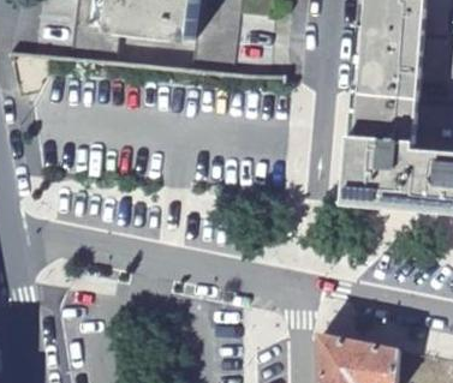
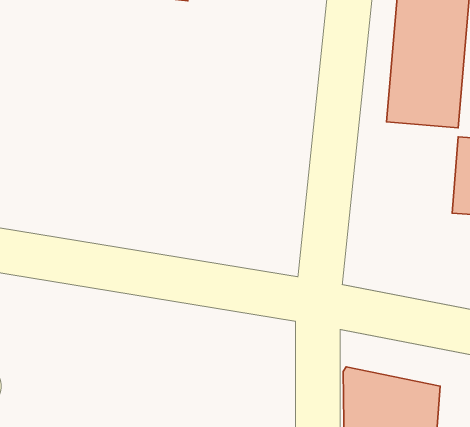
building: [340,136,410,210] -> none

